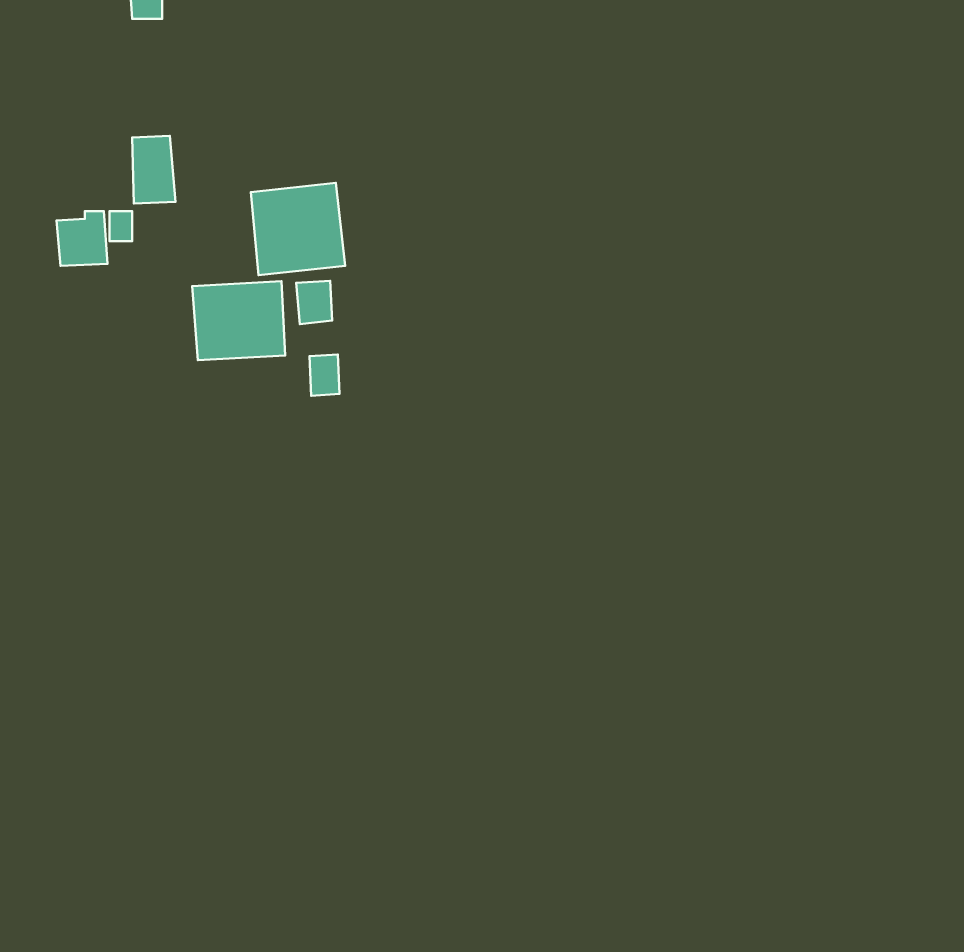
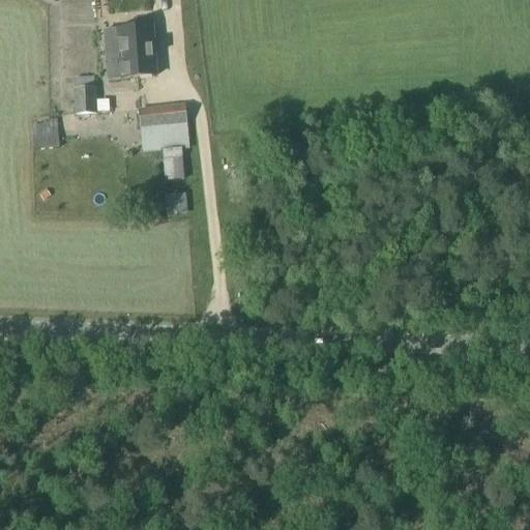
building: none -> [106,24,154,76]
building: [192,281,285,360] -> none

